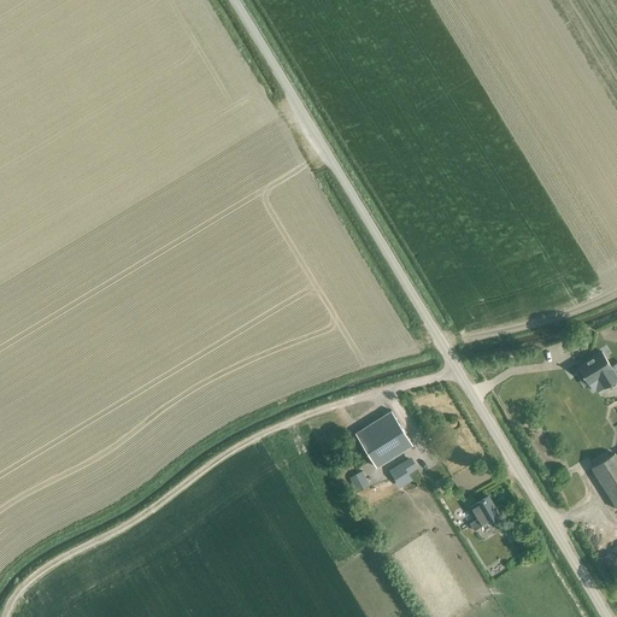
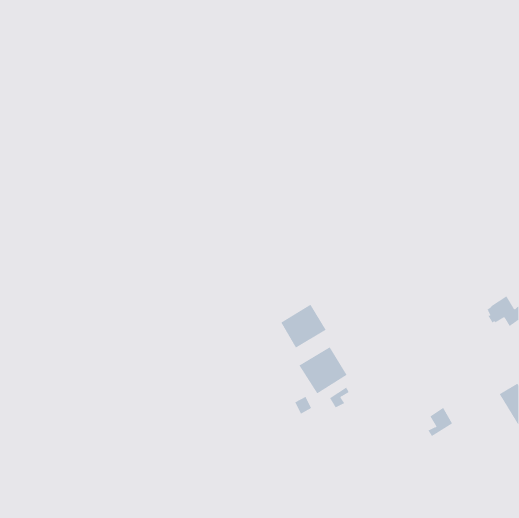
building: none -> [281,304,327,348]
building: [469,496,499,531] -> [427,407,453,437]

